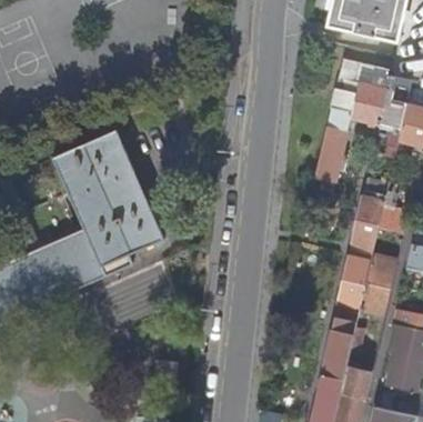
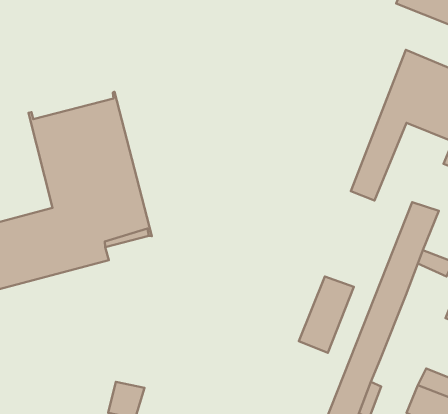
building: [360,252,396,312] -> [299,277,354,353]

